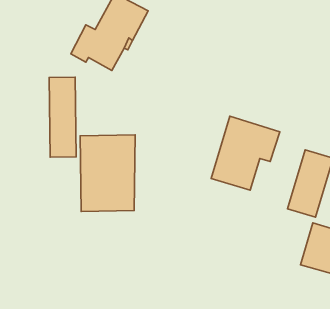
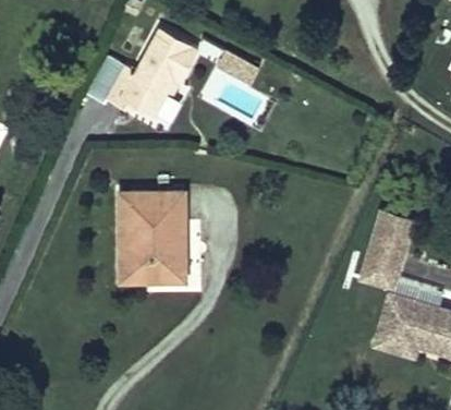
building: [49,77,76,157] -> none
building: [211,116,280,190] -> none

